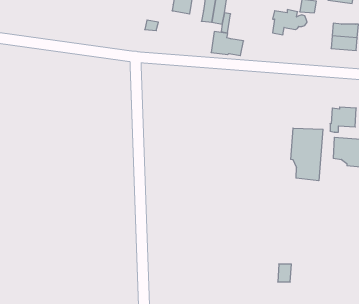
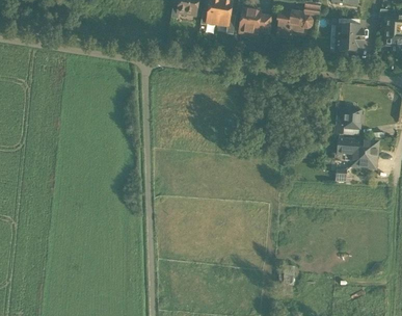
building: [211,32,244,56] -> [240,9,272,33]
building: [291,128,323,181] -> none

